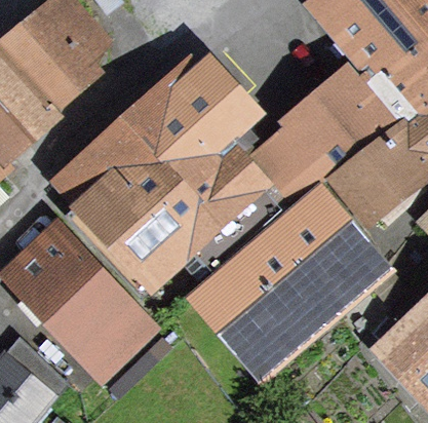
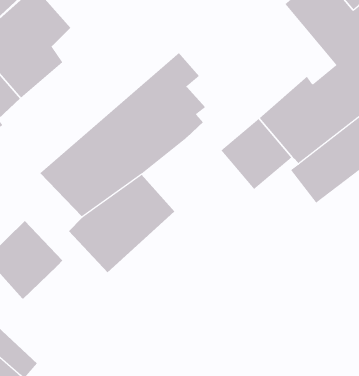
building: [176,146,263,272] -> none
building: [204,205,364,354] -> none
building: [51,280,142,373] -> none

